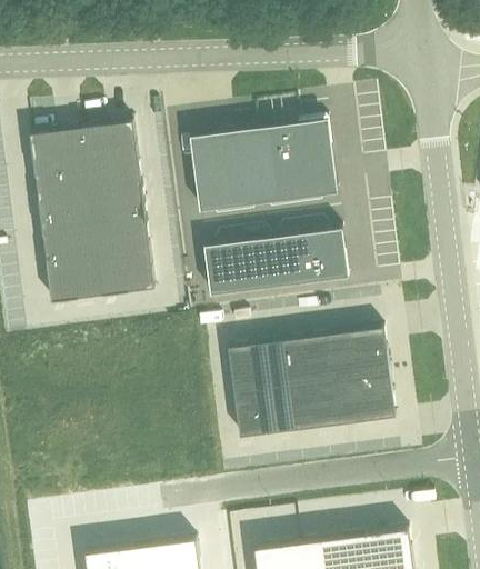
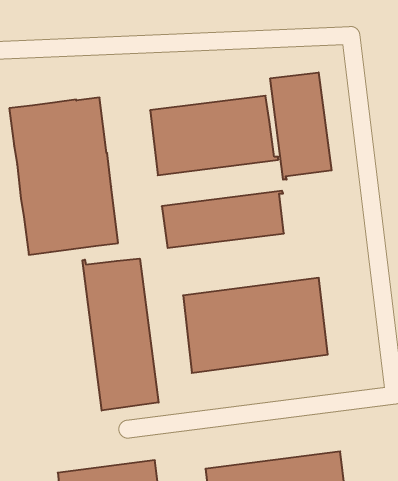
building: none -> [270,72,332,180]
building: none -> [82,259,159,411]

